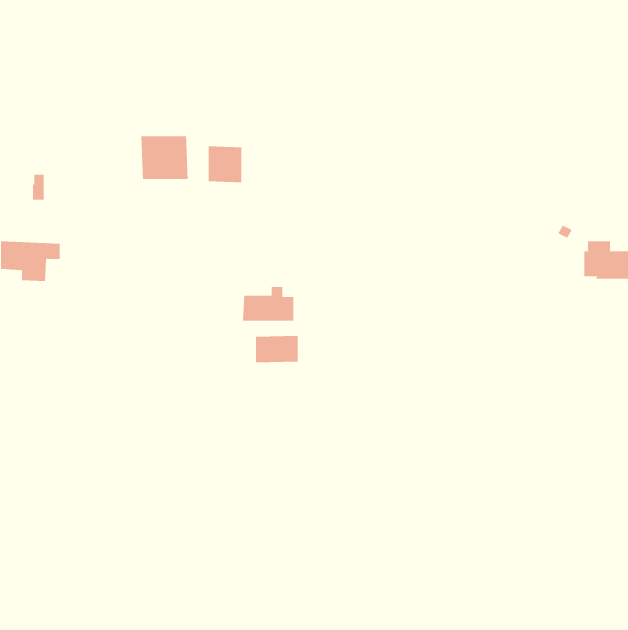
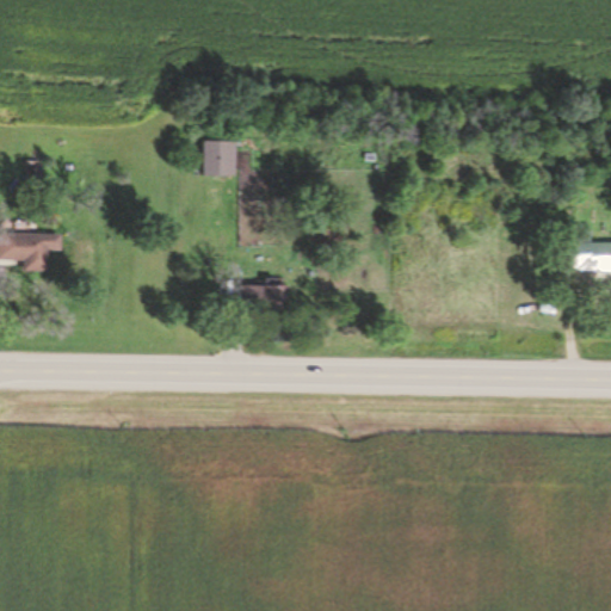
building: [141,135,188,180] -> none
building: [255,335,298,363] -> none

